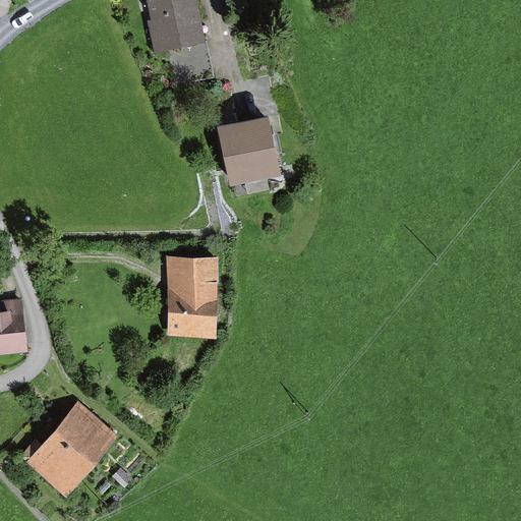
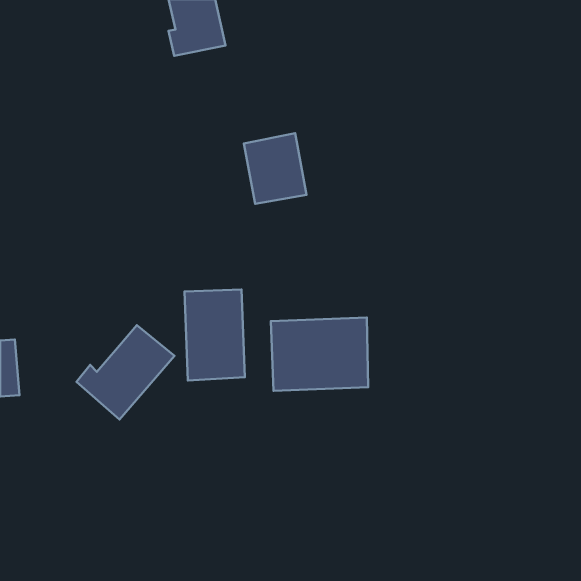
building: none -> [271,317,368,391]
building: [25,403,113,487] -> [76,325,174,420]

